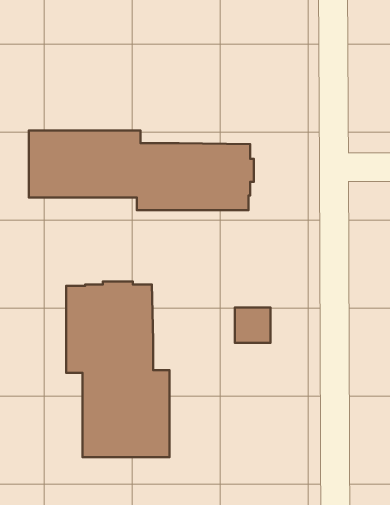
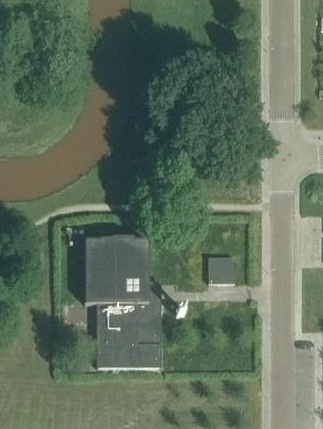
building: [29,131,254,210] -> none

